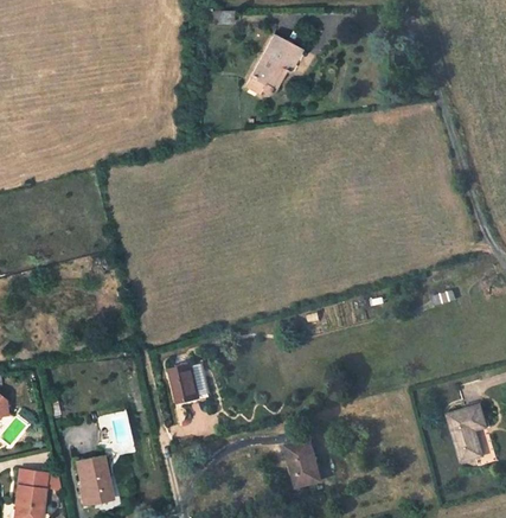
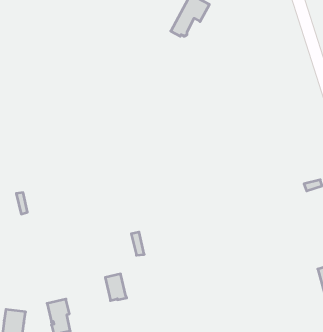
building: [171,365,200,402] -> [105,274,127,301]
building: [287,440,322,487] -> none

